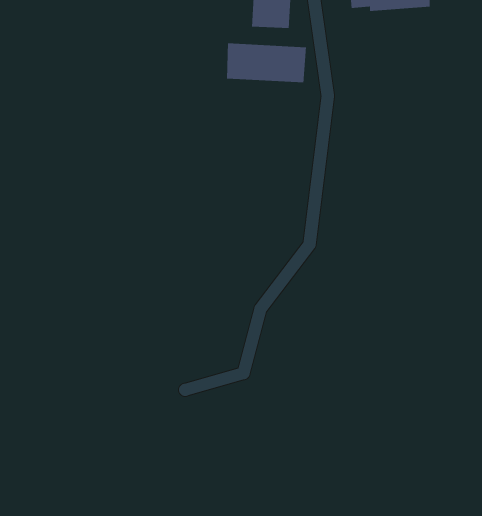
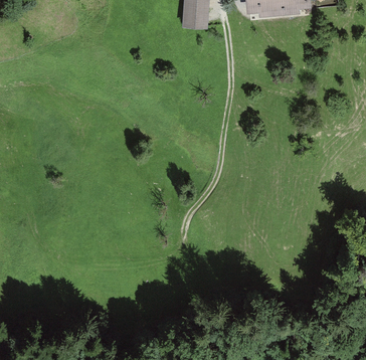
building: [226,42,306,83] -> none

